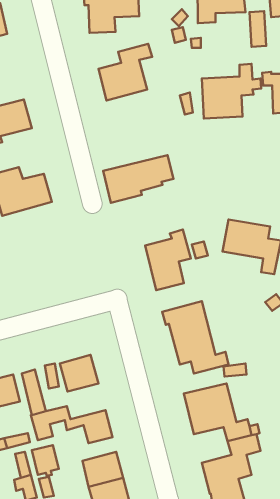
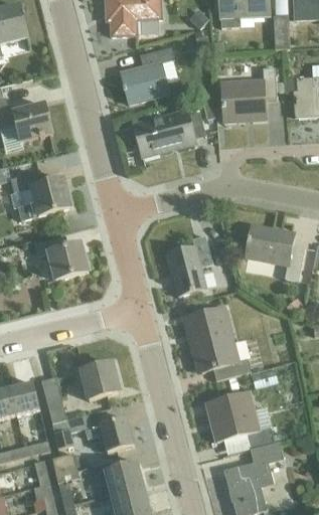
building: [103,155,174,203] -> [133,108,204,156]
building: none -> [34,234,89,279]

